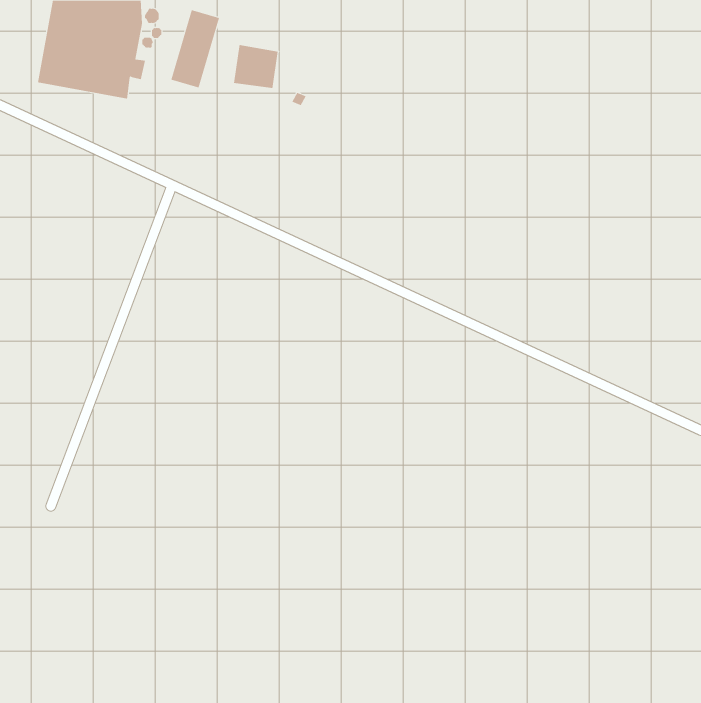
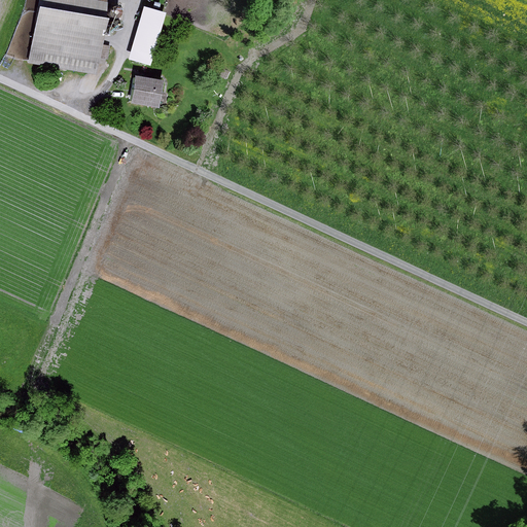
building: [233,44,279,89] -> [129,73,163,106]

